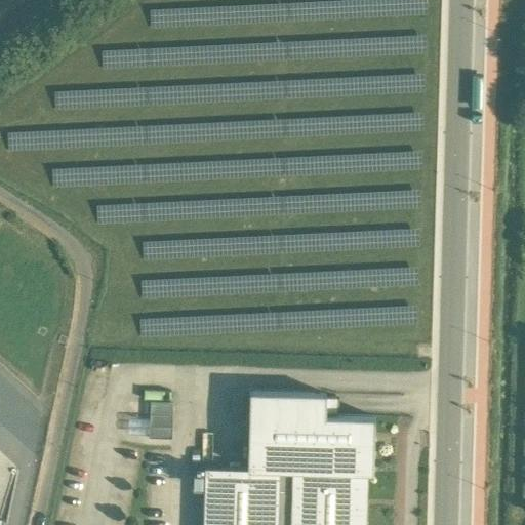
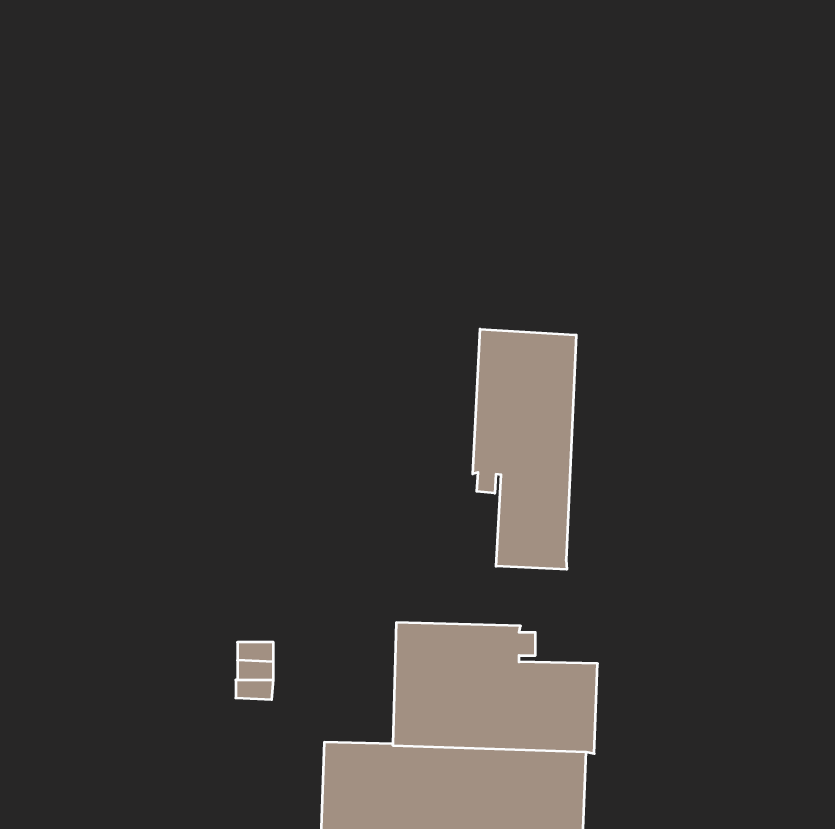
building: none -> [473,329,576,569]

